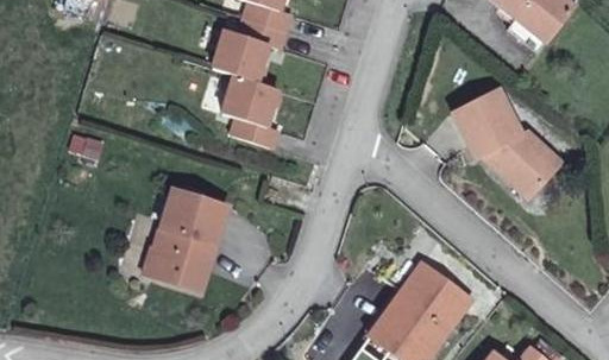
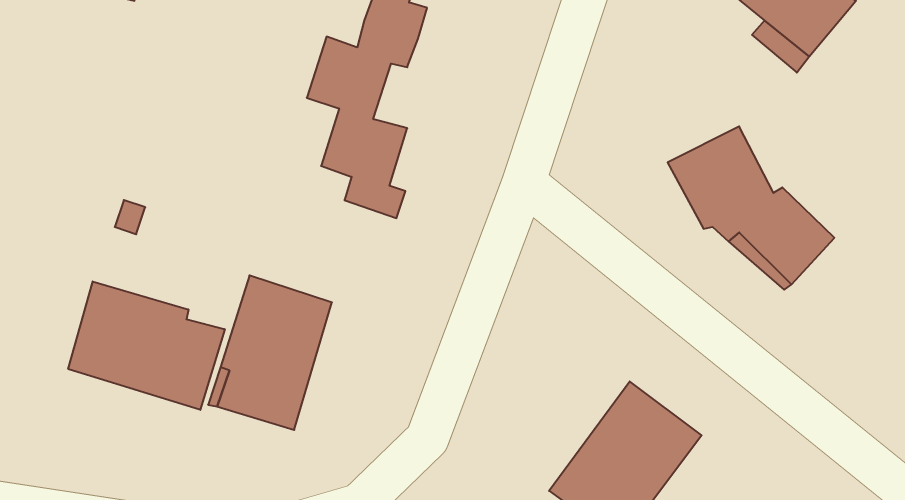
building: none -> [68,281,225,410]

